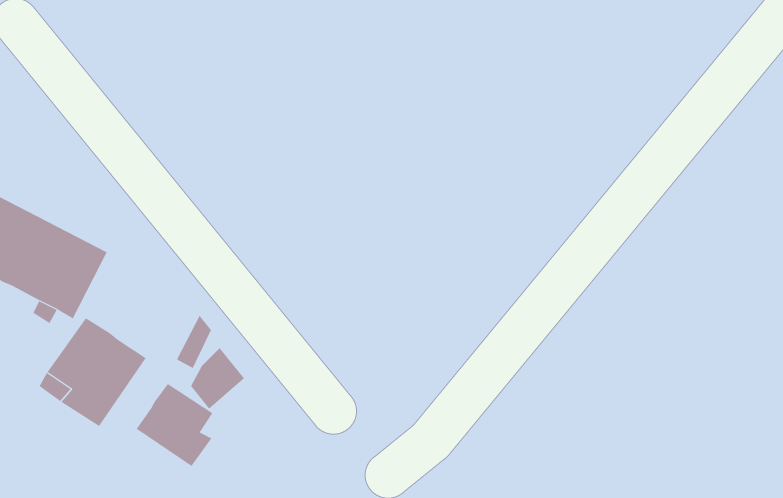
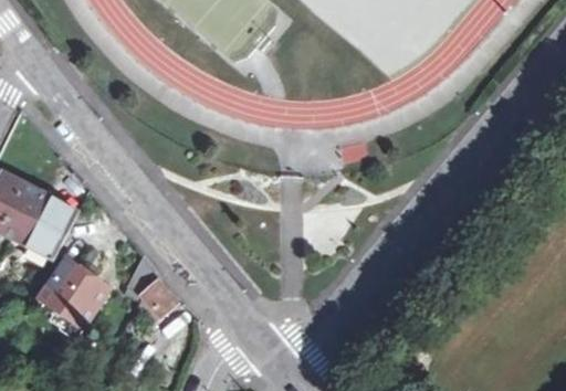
building: [136,383,213,467] -> none

